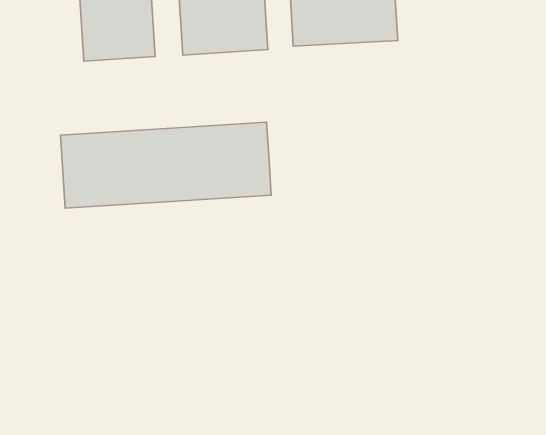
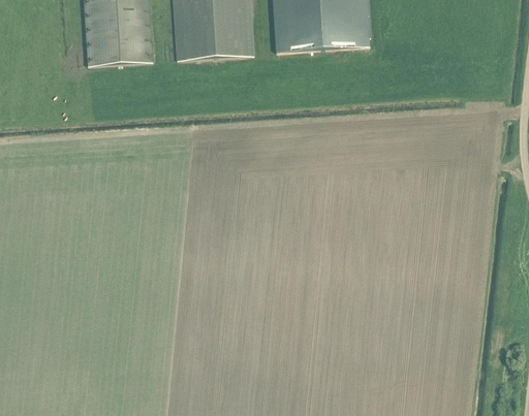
building: [61,122,271,208] -> none

